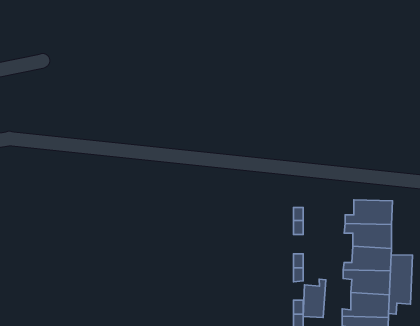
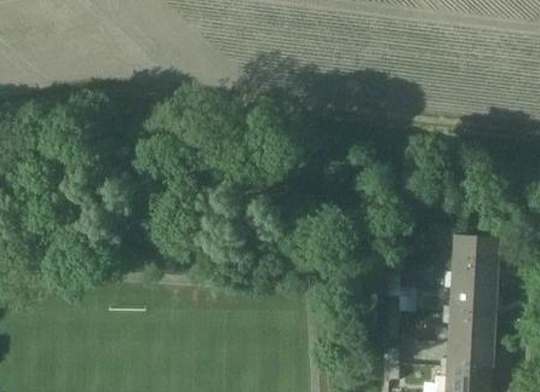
building: [389,255,413,314] -> none
building: [303,279,326,318] -> none

